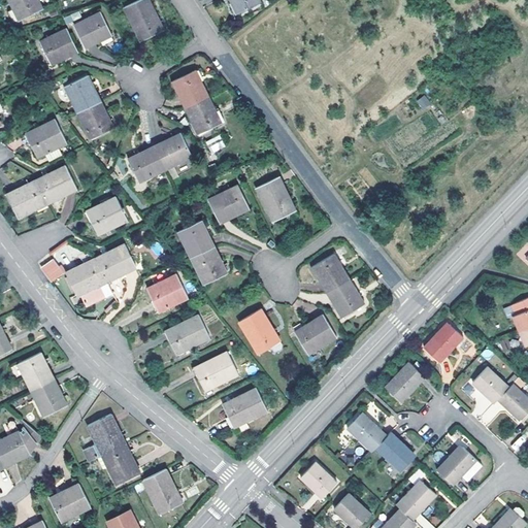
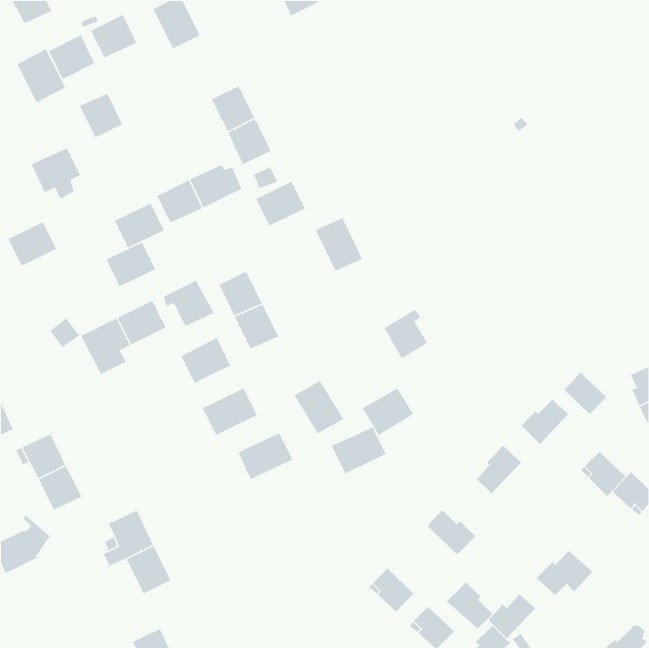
building: none -> [16,48,66,103]
building: [77,102,112,140] -> none
building: [35,166,76,203] -> [114,203,165,248]
building: [207,186,249,223] -> [255,181,306,227]
building: none -> [162,280,214,327]
building: [326,279,363,318] -> none
building: none -> [564,372,607,415]
building: [222,389,267,428] -> [331,426,387,475]
building: [374,432,412,471] -> [446,581,493,630]
building: [142,468,183,514] -> none
building: [50,485,91,521] -> none

